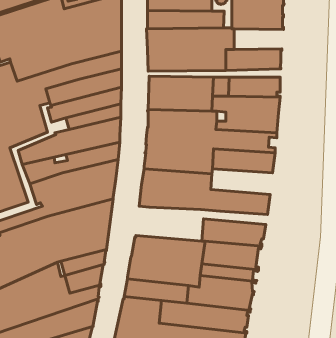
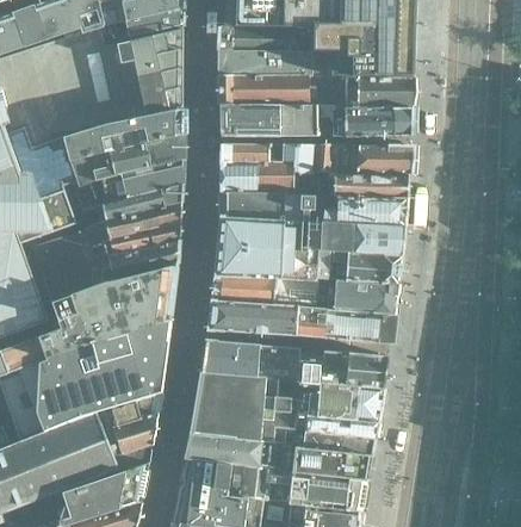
building: none -> [343,76,414,106]
building: none -> [310,277,398,314]
building: none -> [203,341,299,380]

